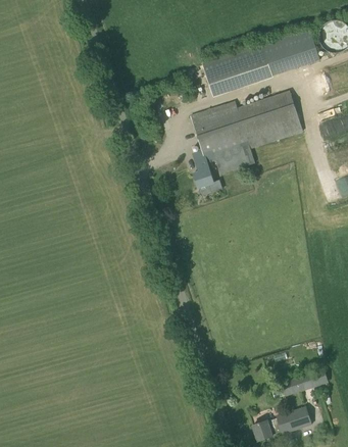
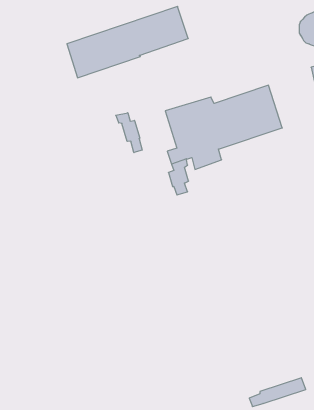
building: [203,28,319,96] -> [67,6,188,78]
building: none -> [116,113,142,153]

